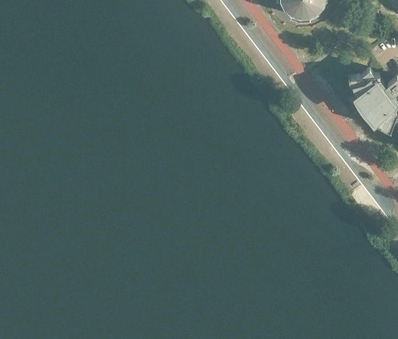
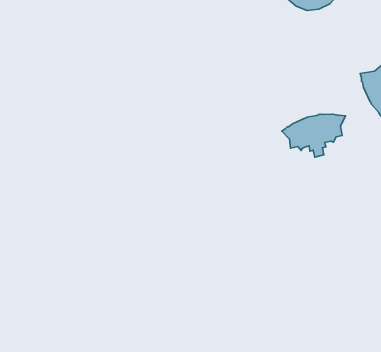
building: none -> [282,114,346,157]

